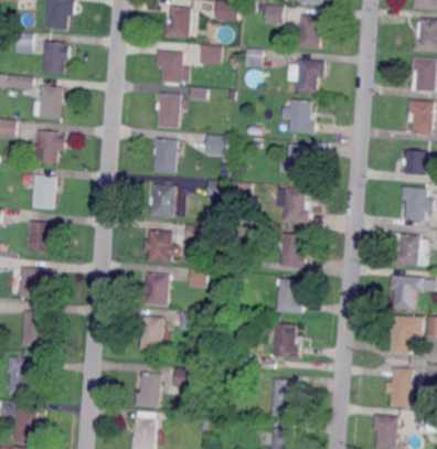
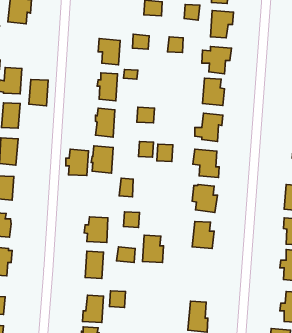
building: [163,7,190,39] -> none
building: [42,41,66,74] -> [29,79,48,106]
building: [145,228,173,261] -> [66,149,89,176]
building: [273,323,299,357] -> [142,235,163,263]

